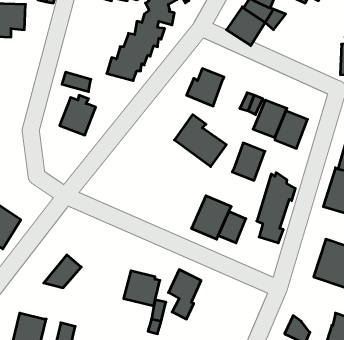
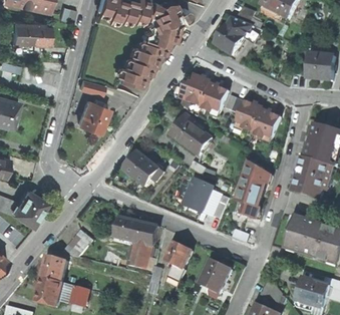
building: [232,143,265,180] -> [202,84,229,115]
building: none -> [124,152,164,189]
building: none -> [115,218,159,248]
building: none -> [42,256,68,283]
building: none -> [201,260,233,295]

